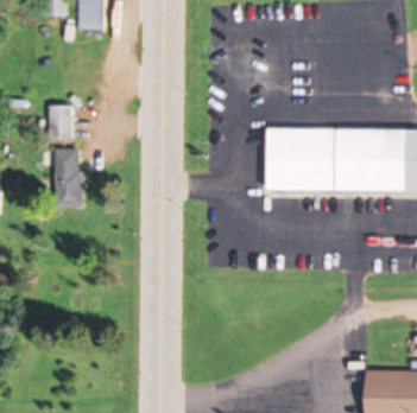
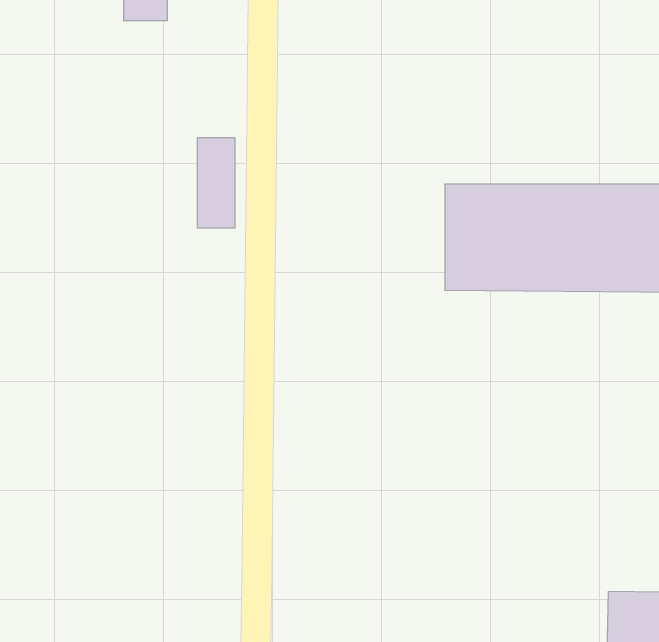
building: [46,106,70,141] -> none
building: [56,153,78,206] -> [197,138,235,228]

